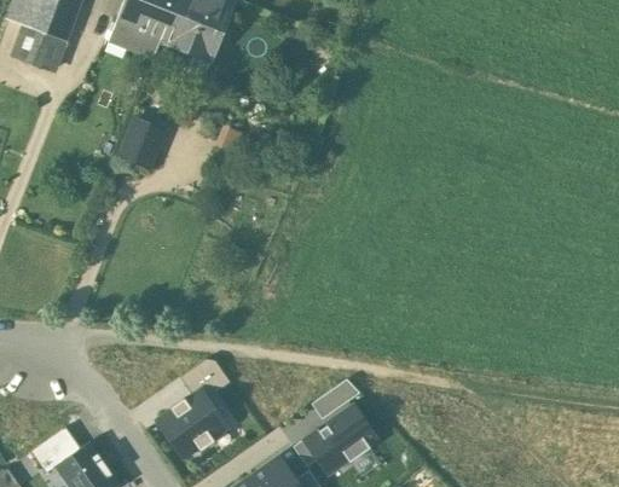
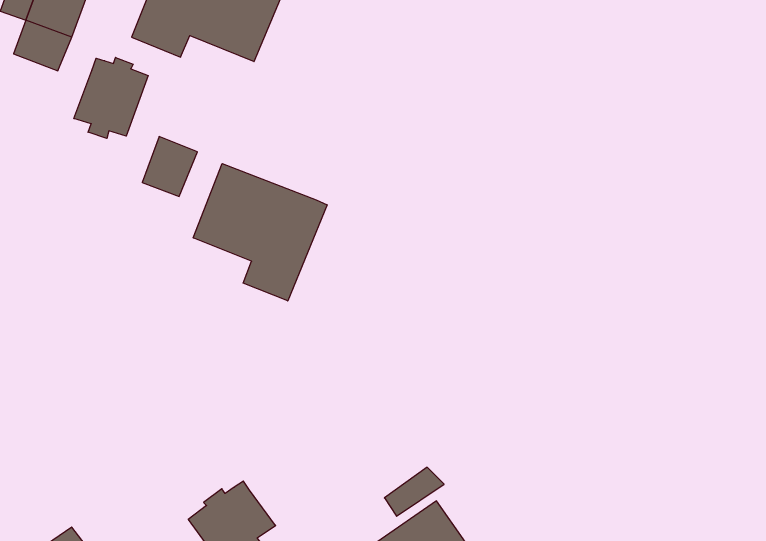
building: none -> [74,57,148,138]
building: none -> [193,164,327,301]
building: [179,360,228,399] -> none

